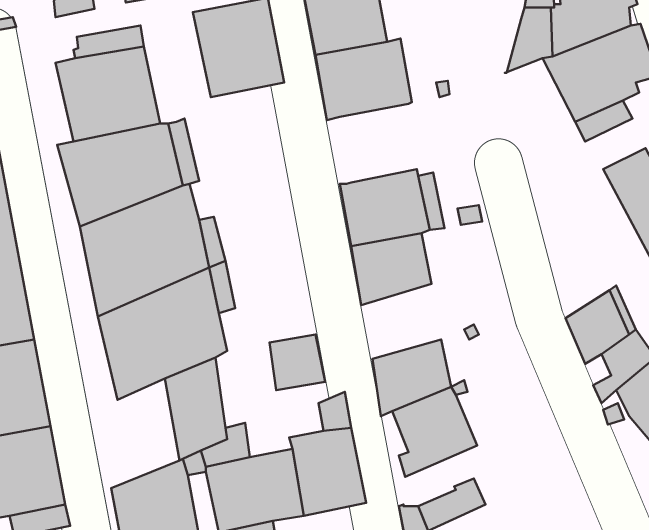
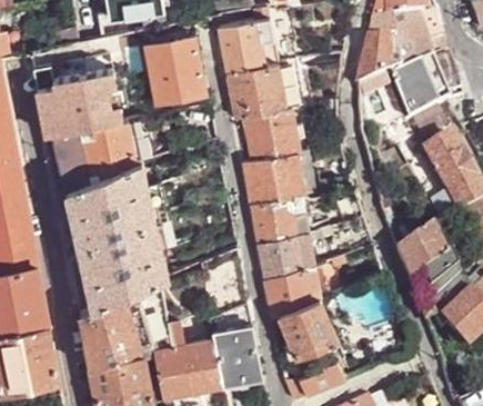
building: none -> [243,105,298,158]
building: none -> [258,227,312,278]
building: none -> [78,291,134,366]

